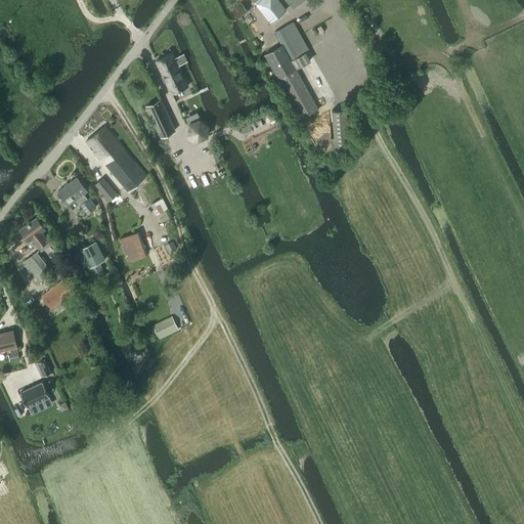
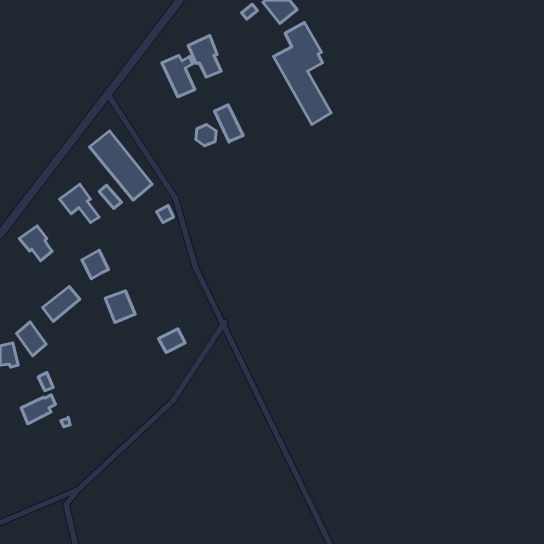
building: none -> [188,35,221,77]
building: [146,100,174,136] -> [214,105,243,142]
building: [119,231,147,262] -> [105,291,135,323]
building: [24,251,52,283] -> [16,322,46,356]

